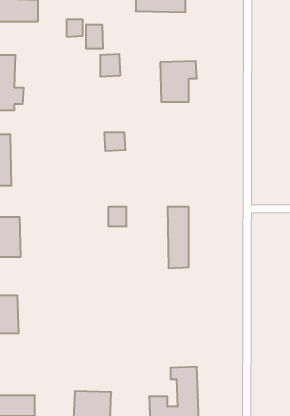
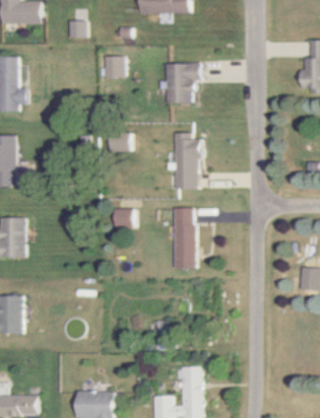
building: [86,24,103,49] -> none
building: none -> [173,132,201,189]

